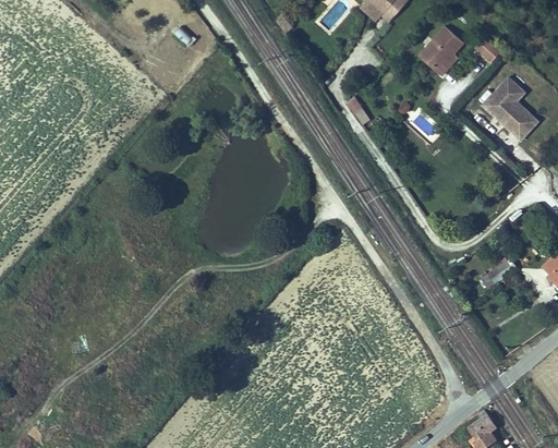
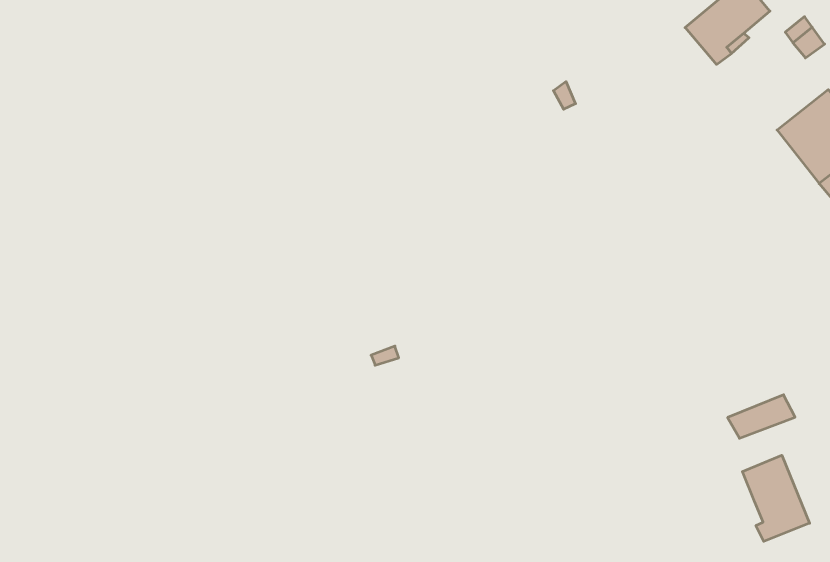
building: none -> [742,455,810,541]

